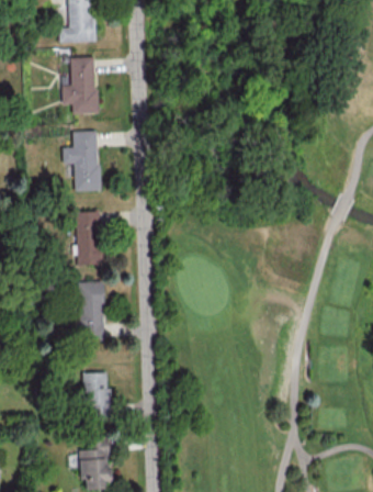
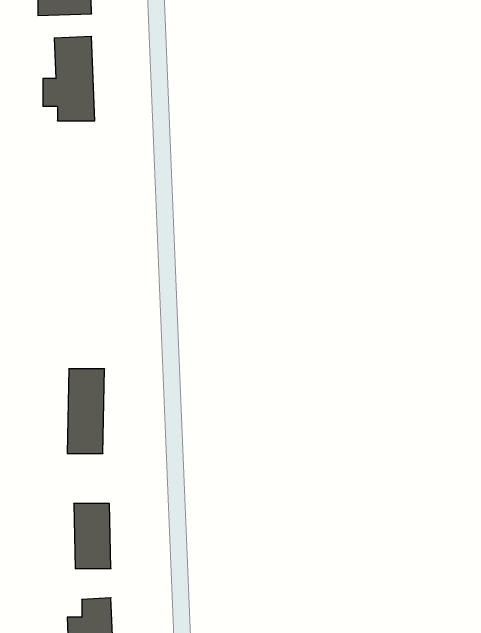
building: [63,132,100,192] -> none
building: [76,211,102,267] -> none

